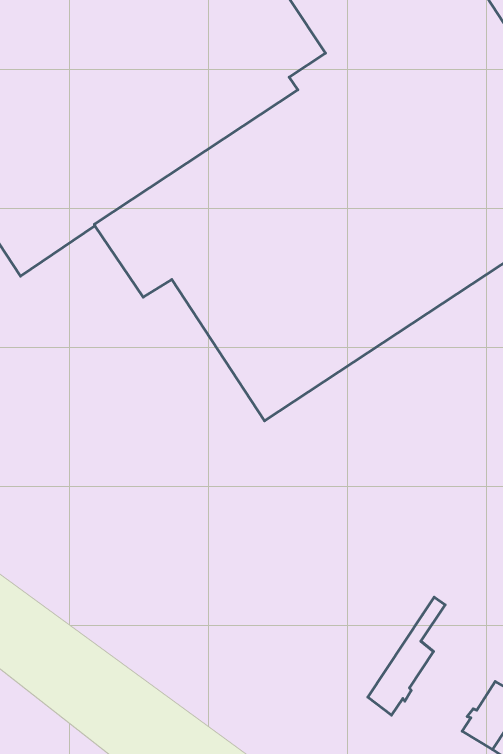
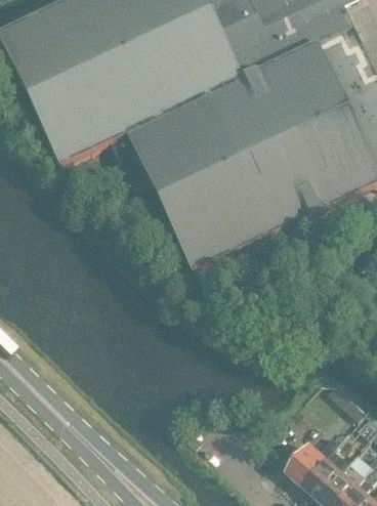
building: [368,597,445,715] -> none

